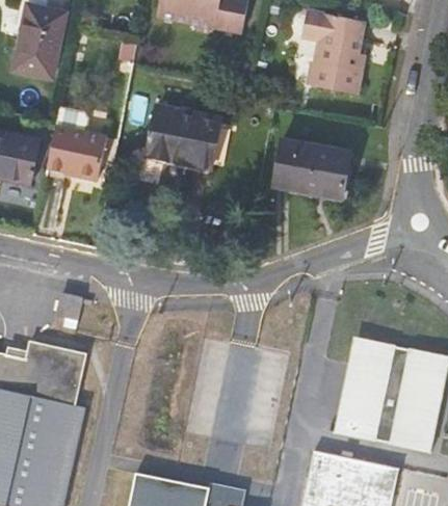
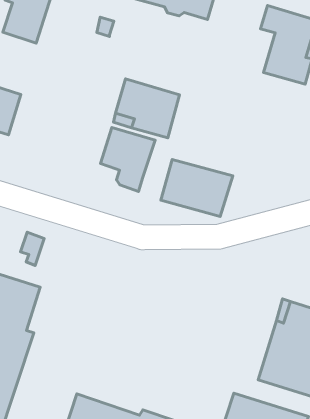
building: [48,126,106,194] -> [101,128,155,191]
building: [275,137,353,195] -> [161,160,233,216]

